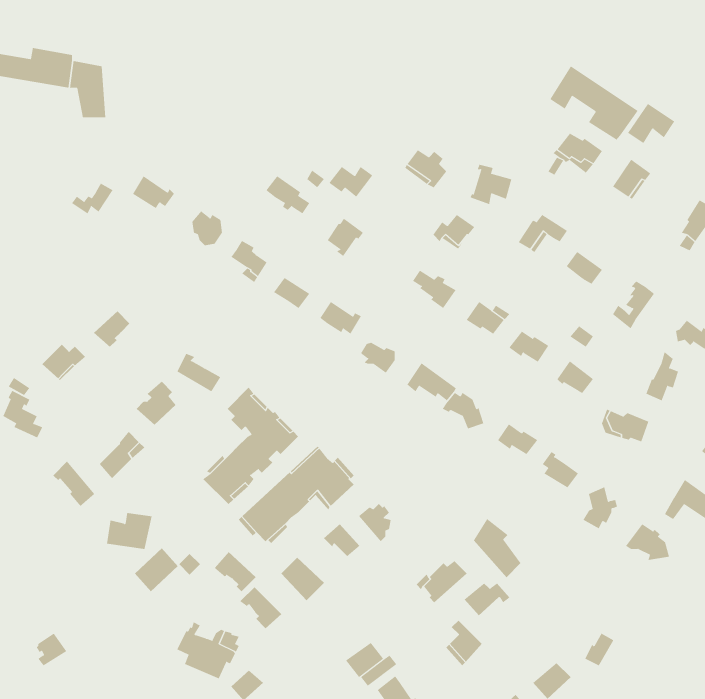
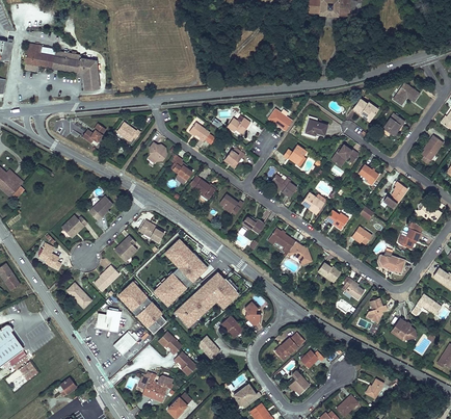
building: [550,65,638,141] -> none
building: none -> [120,283,164,333]
building: [473,518,521,578] -> none

